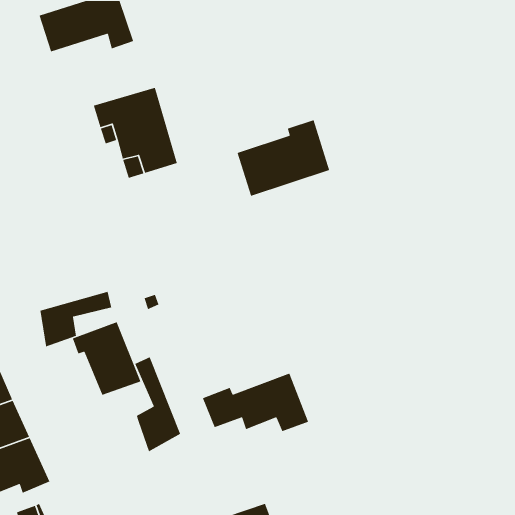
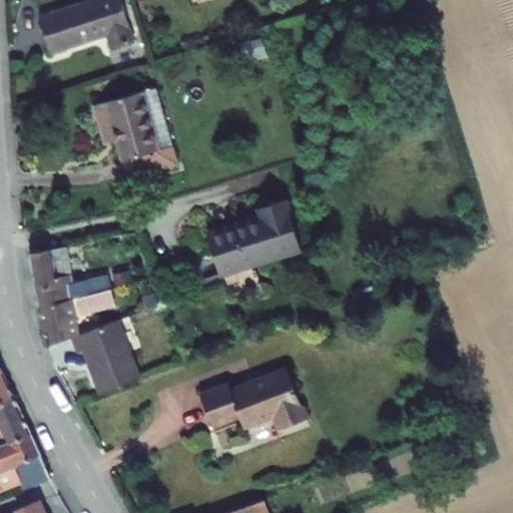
building: [236,119,330,197] -> [207,199,301,277]
building: none -> [29,246,110,309]
building: [134,356,181,453] -> none

